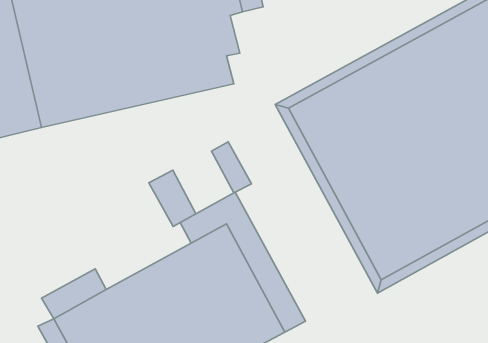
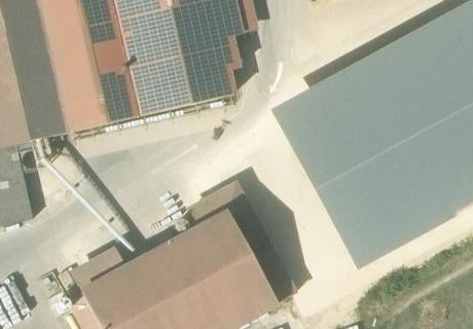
building: [212,142,251,193] -> none
building: [149,170,196,227] -> none

